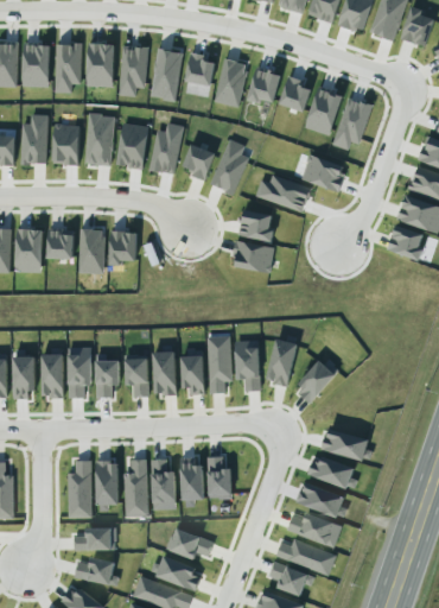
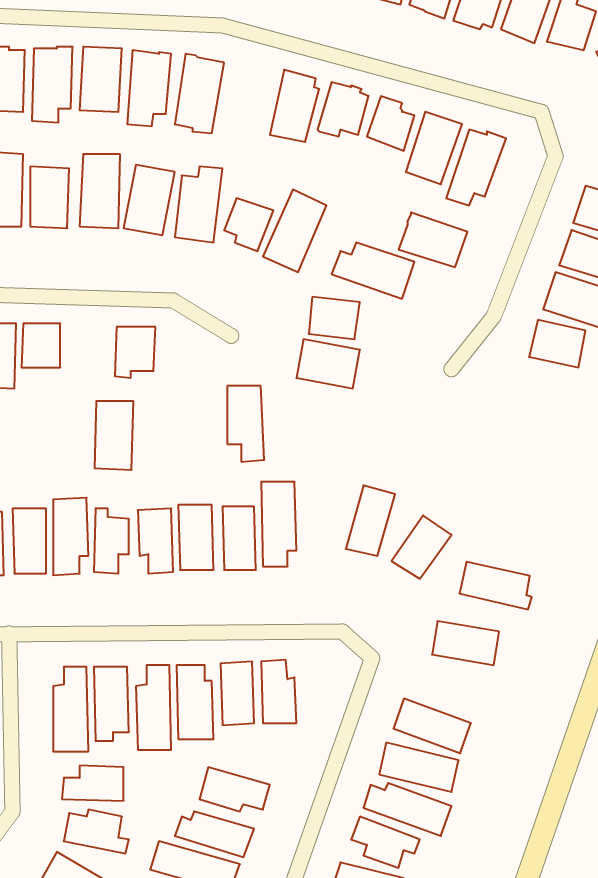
building: [185,52,215,86] -> none
building: [78,228,104,274] -> [95,401,133,470]
building: [235,341,260,392] -> [227,386,264,462]
building: [307,456,356,488] -> [459,562,532,609]

